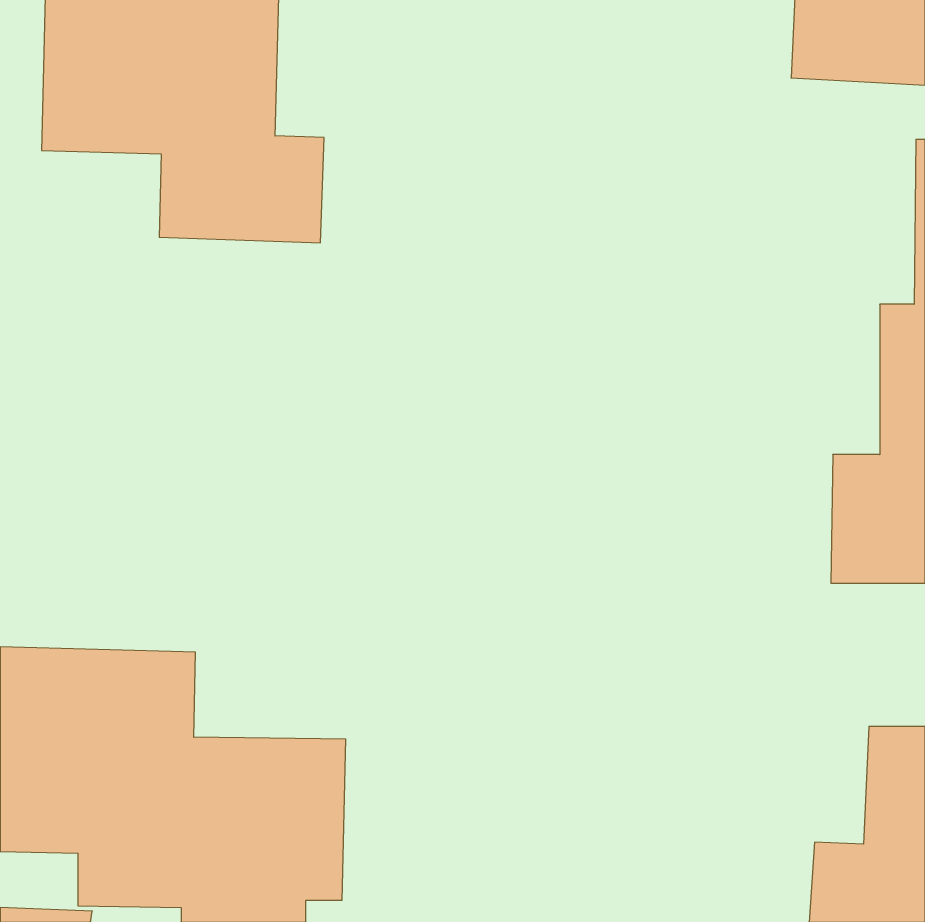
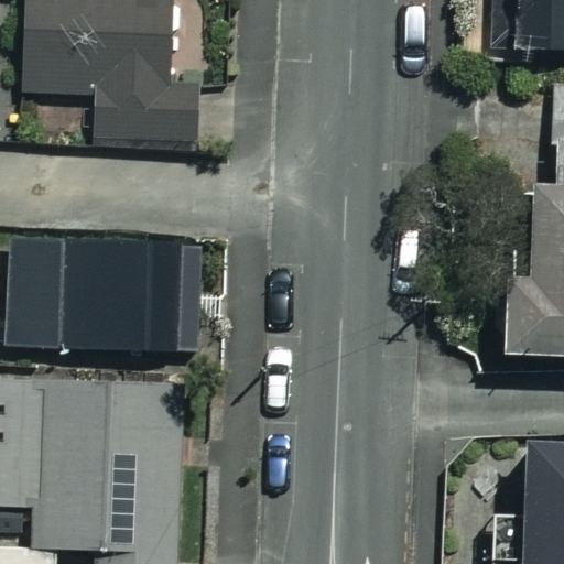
building: none -> [7,234,180,350]

